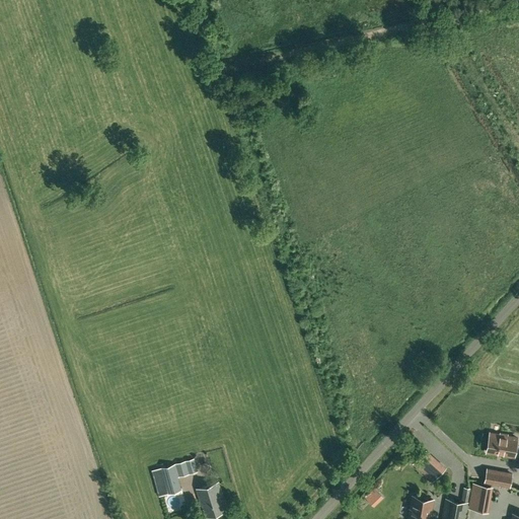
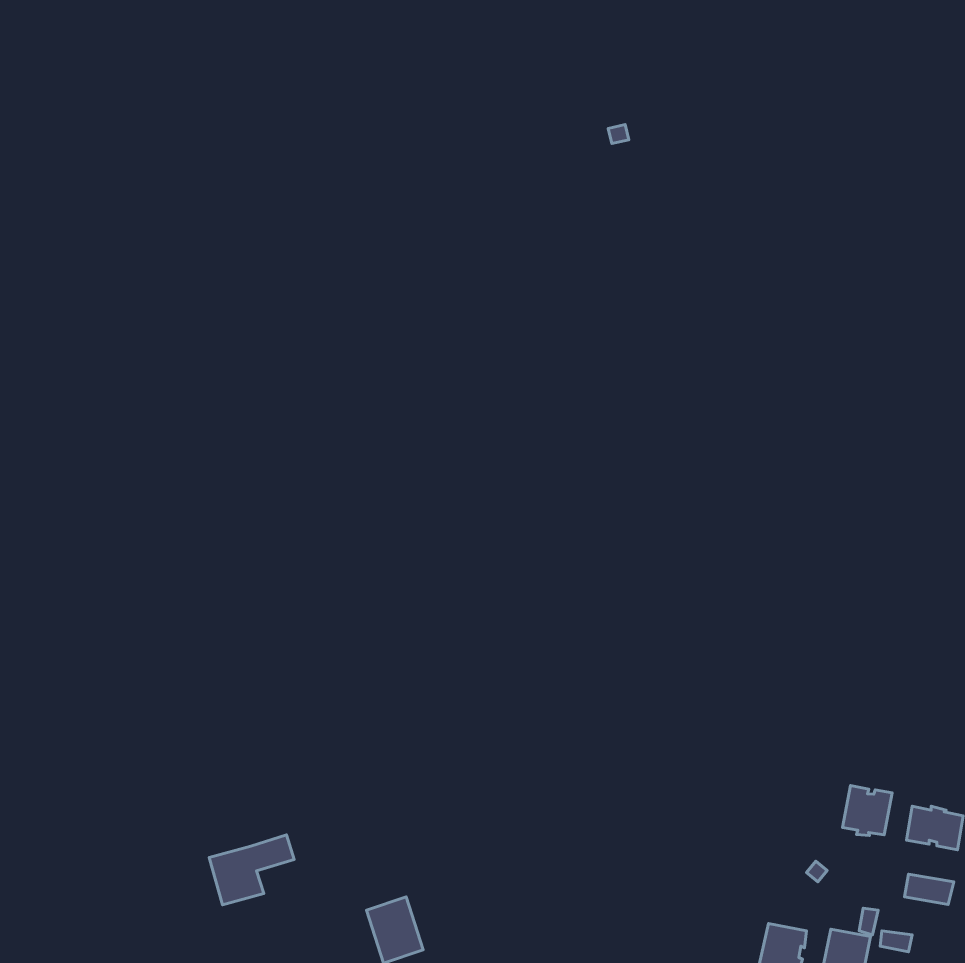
building: none -> [842,786,892,835]
building: [152,459,198,497] -> [209,835,294,905]

